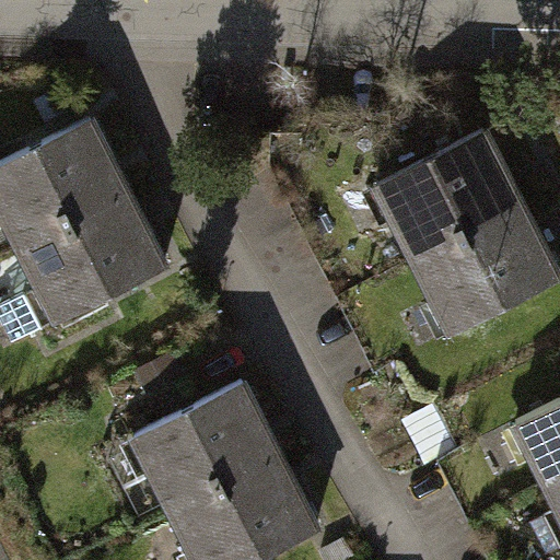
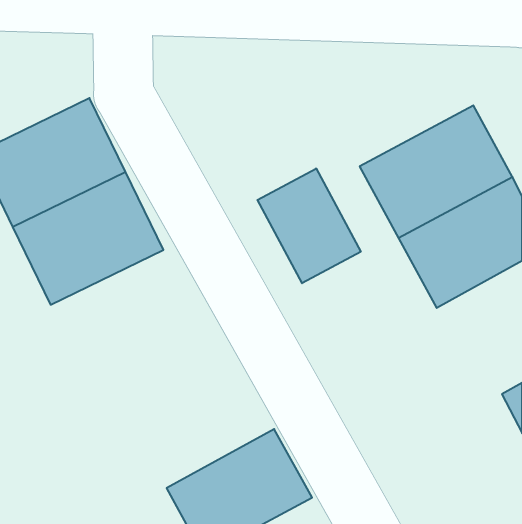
building: none -> [257,168,361,283]
building: [131,385,284,522] -> none

